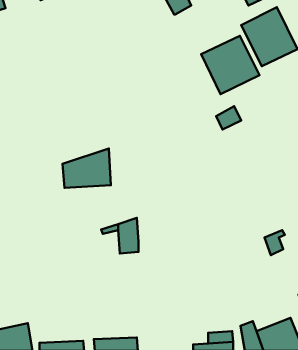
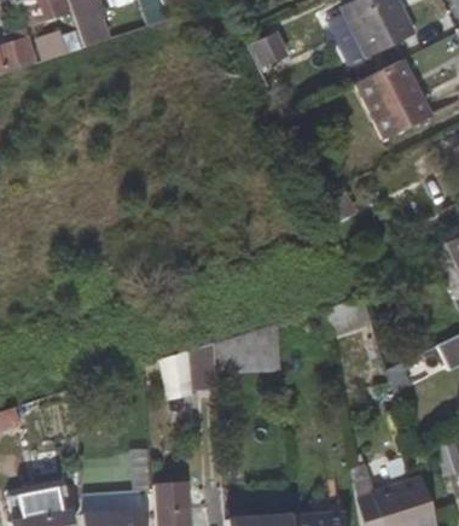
building: [201,36,259,94] -> none
building: [63,149,111,188] -> [214,322,279,375]

